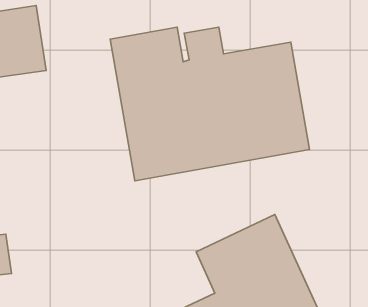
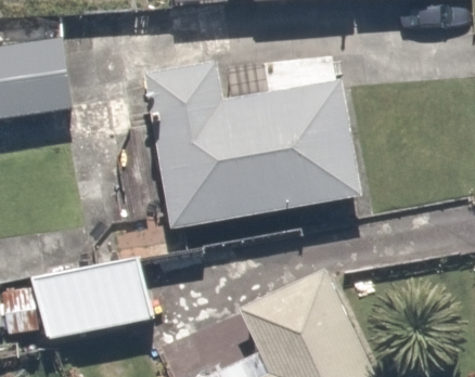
building: none -> [31,257,151,341]

